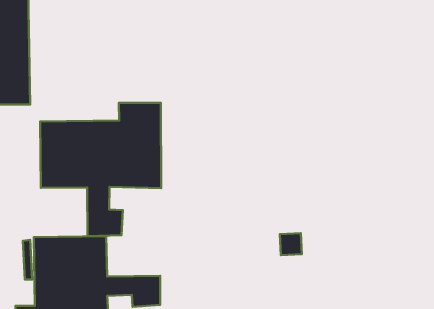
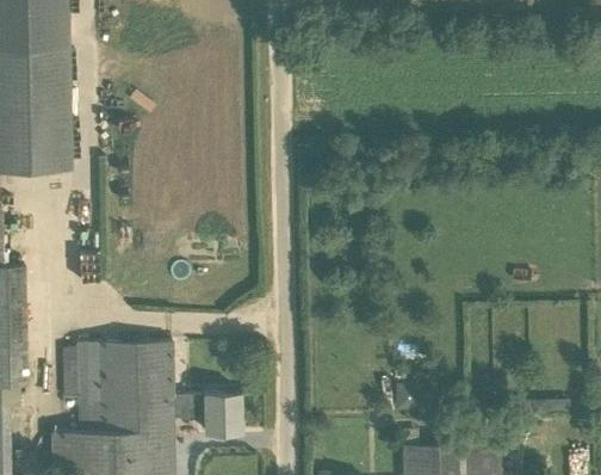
building: [40,103,161,236] -> none
building: [280,233,302,255] -> [396,382,425,411]

